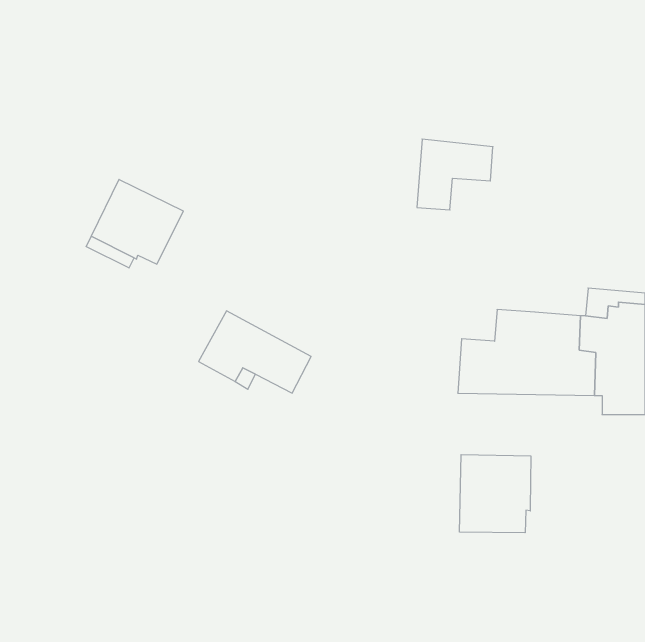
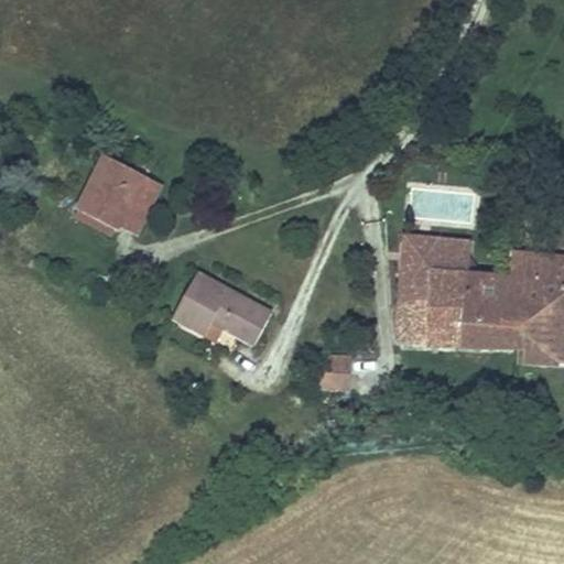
building: [417,139,493,210] -> [402,236,468,297]
building: none -> [321,354,350,389]
building: [460,455,531,533] -> none

